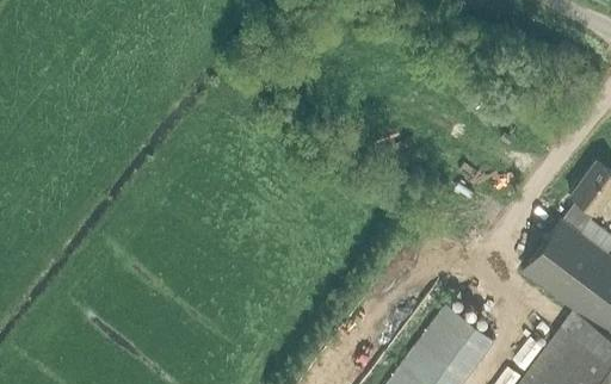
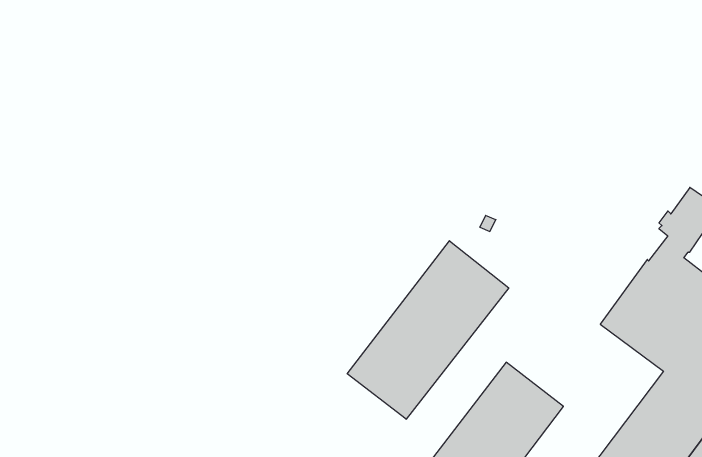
building: none -> [347,241,509,419]

